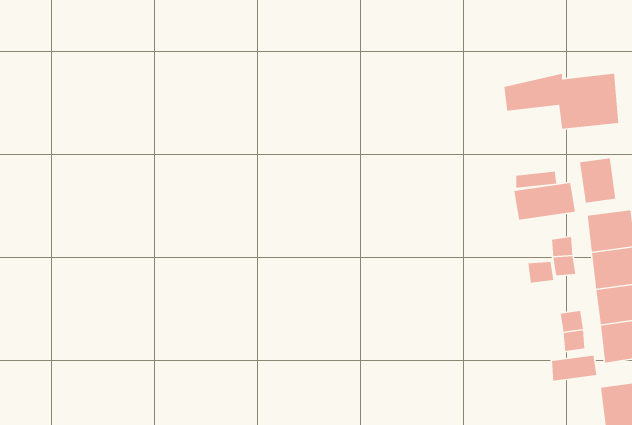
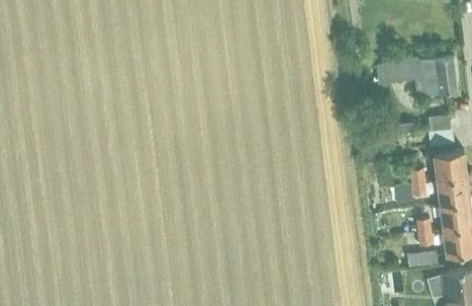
building: [514,182,576,220] -> none

